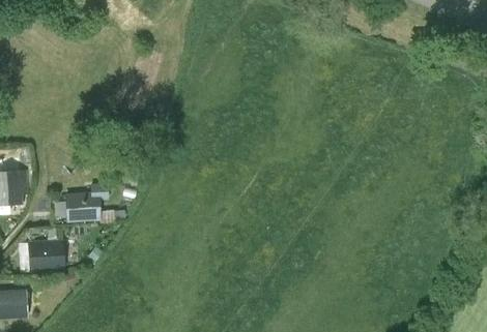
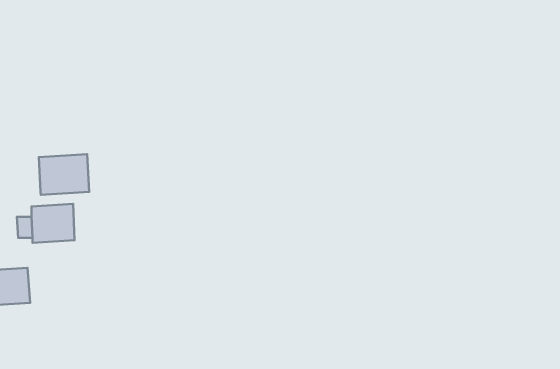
building: none -> [39,154,89,195]

